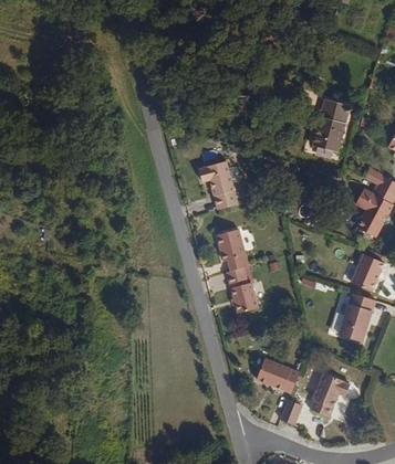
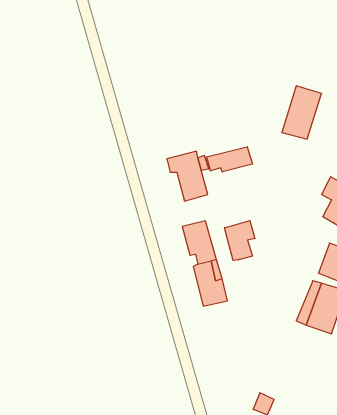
building: none -> [206,147,252,172]
building: none -> [225,221,255,260]
building: [253,358,297,393] -> none
building: [310,370,345,415] -> none

